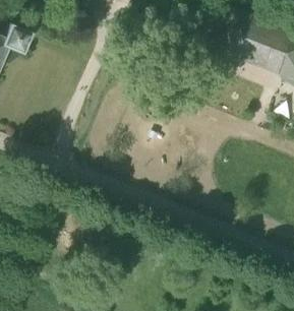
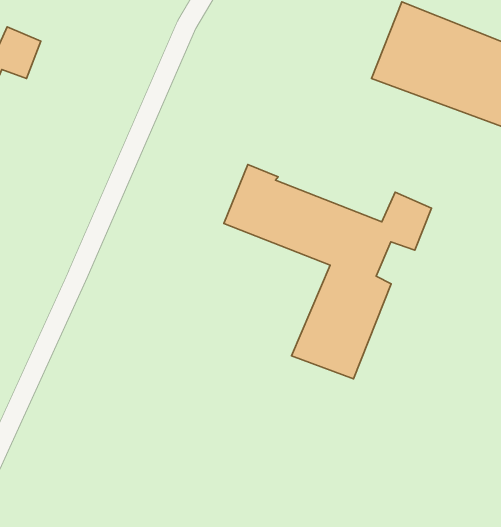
building: none -> [224,164,432,379]

